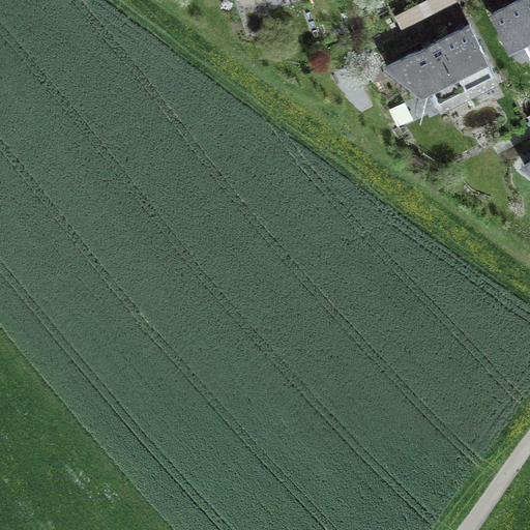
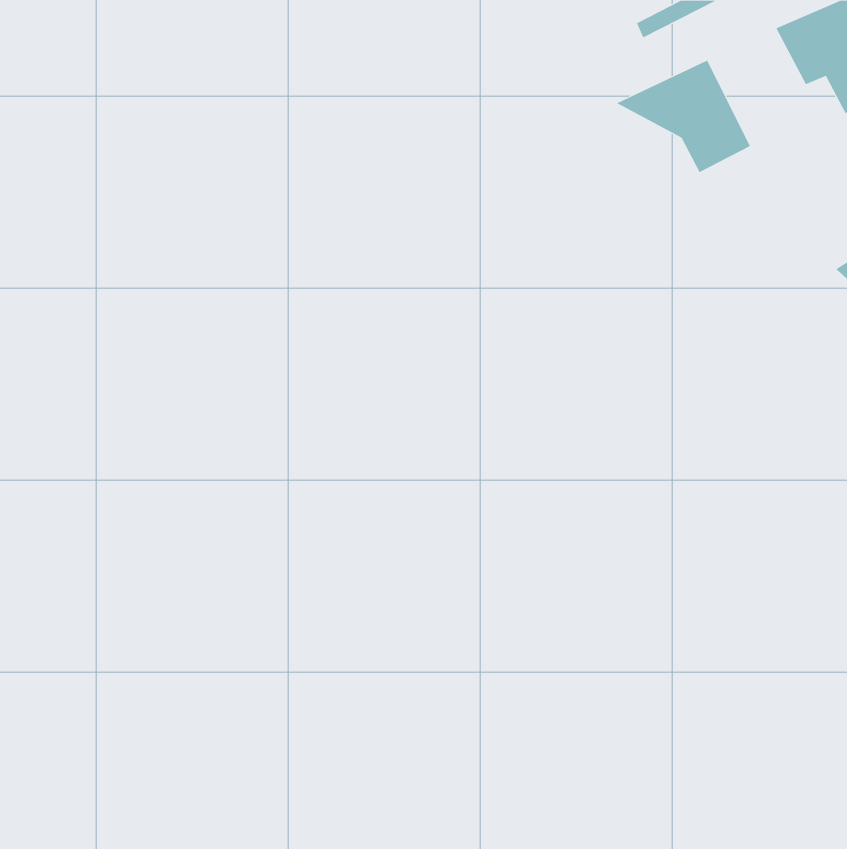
building: [442,24,496,91] -> none

